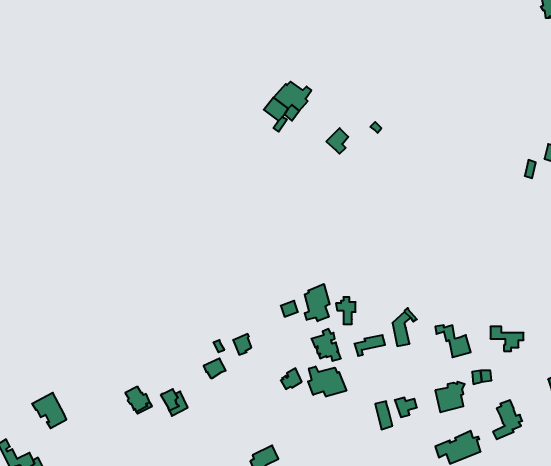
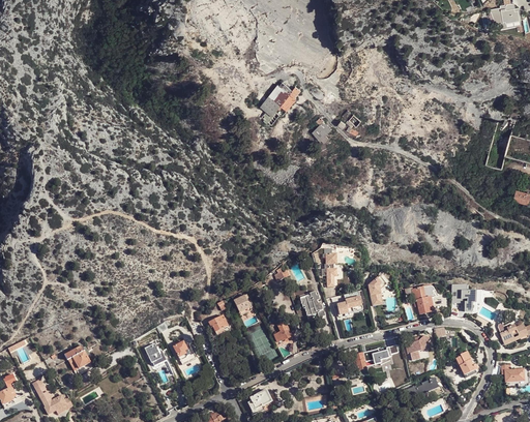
building: [305,284,330,321] -> none
building: [308,366,346,397] -> none

